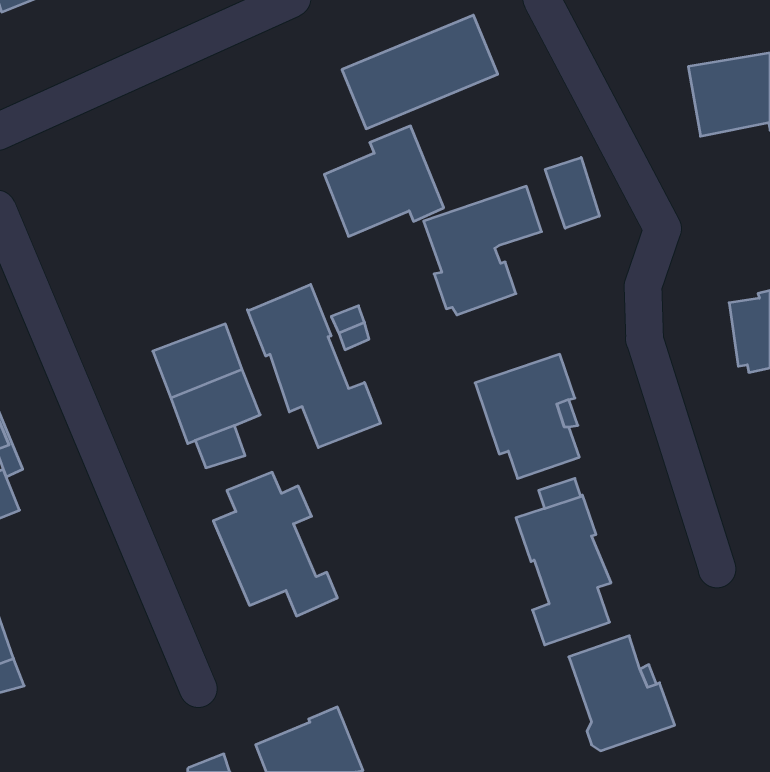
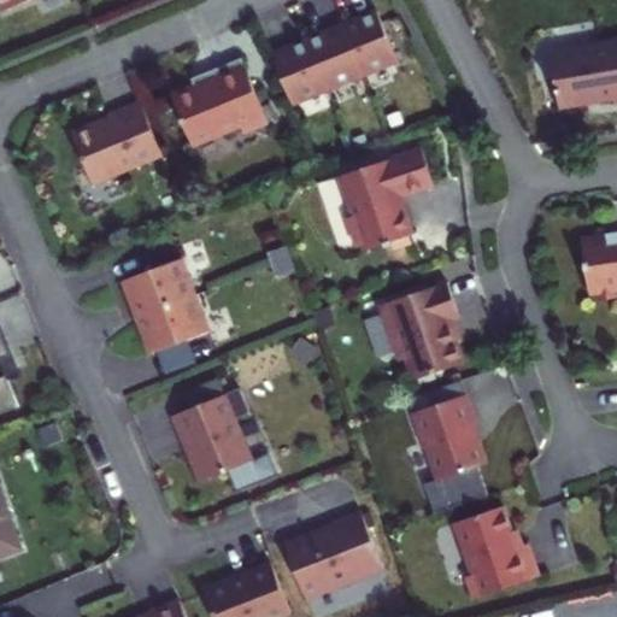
building: [324,126,444,236] -> [172,58,268,146]
building: none -> [72,101,161,183]
building: [545,157,599,228] -> none
building: [247,284,381,448] -> none
building: none -> [283,511,382,599]

